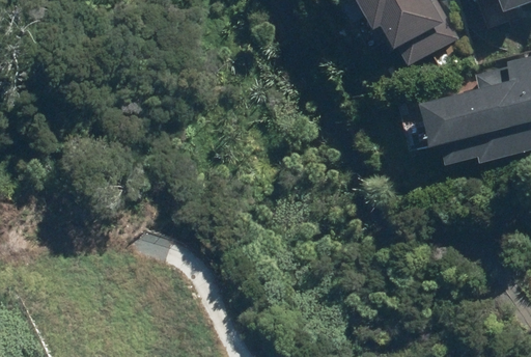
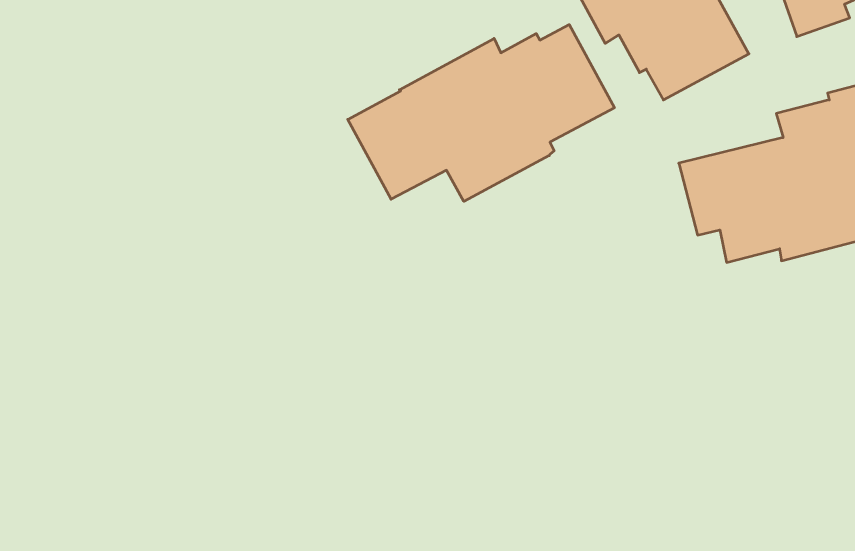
building: none -> [348,25,614,201]

